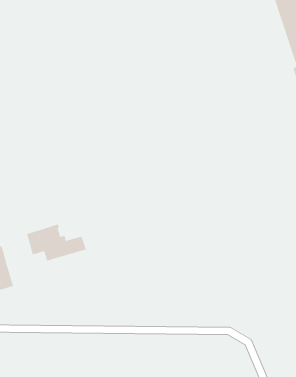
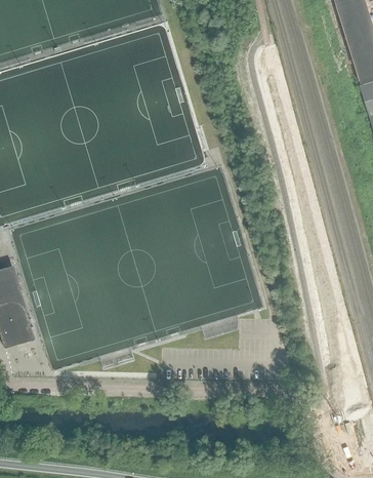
building: [26,223,86,262] -> none

